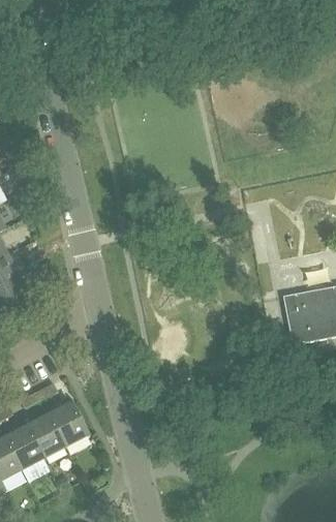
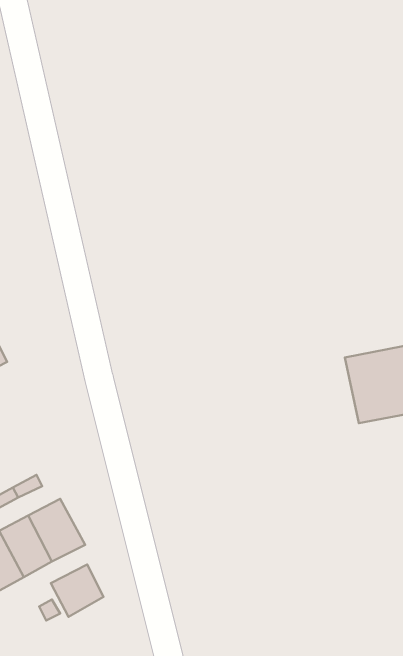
building: none -> [51,565,104,617]

